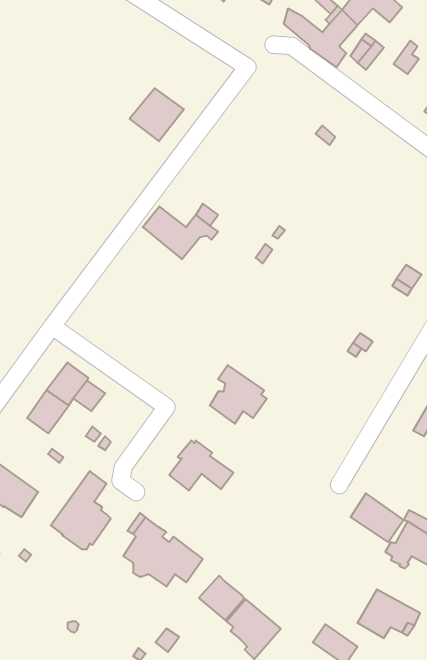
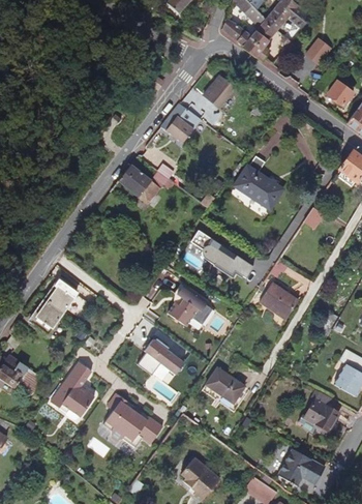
building: none -> [203,75,234,107]
building: [130,88,184,141] -> [160,103,201,143]
building: none -> [236,155,284,207]
building: none -> [191,229,252,276]
building: none -> [259,283,299,320]
building: [350,493,403,542] -> [206,366,245,403]
building: [199,576,244,620] -> none

